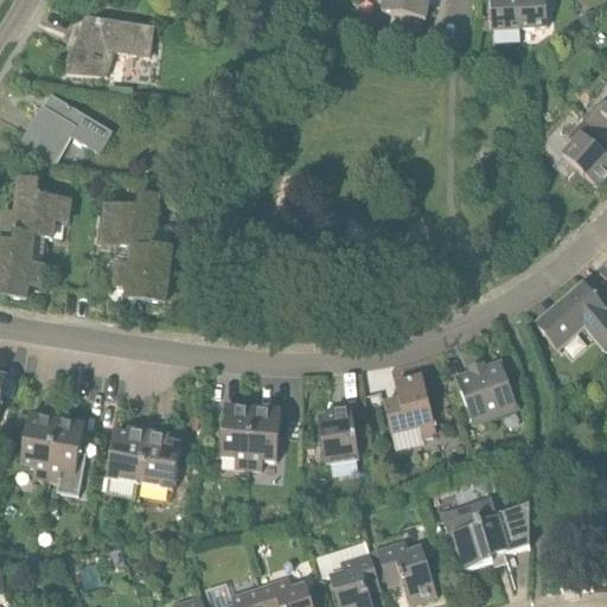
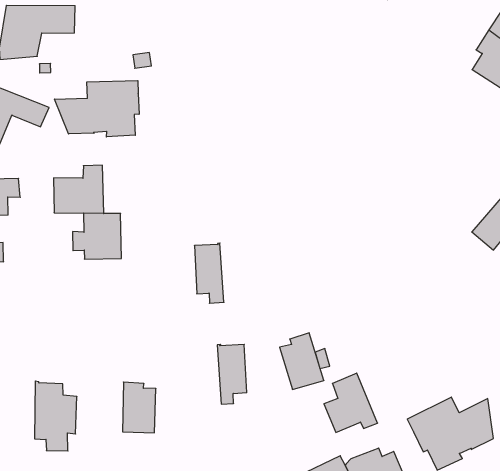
building: none -> [55,81,139,137]
building: [455,360,517,422] -> none
building: [383,373,436,433] -> [324,373,378,432]
building: [221,403,253,467] -> [194,243,224,303]
building: [20,413,56,475] -> none
building: [107,426,148,481] -> none

